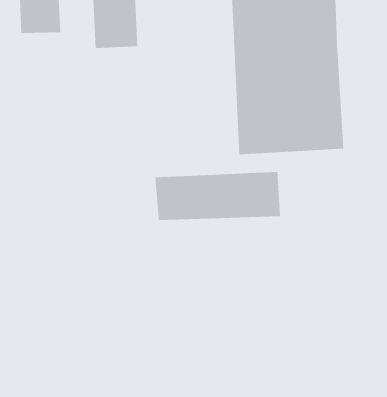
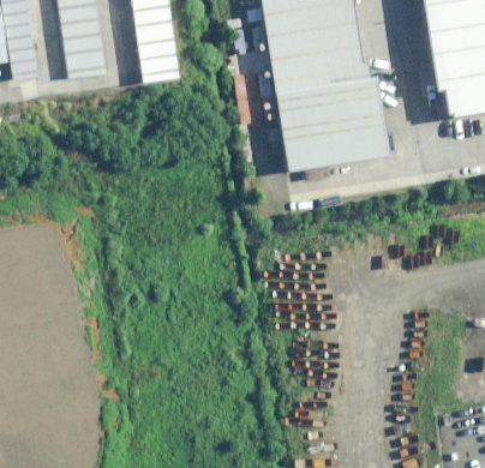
building: [155,171,280,221] -> none

